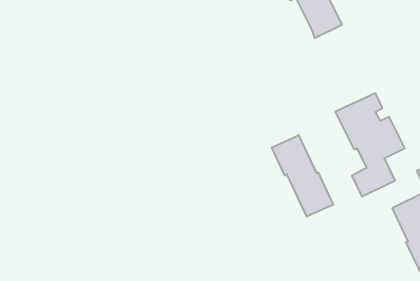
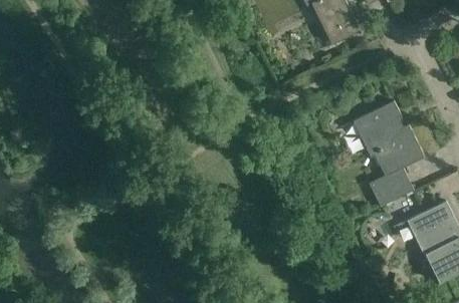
building: [272,135,333,217] -> none

